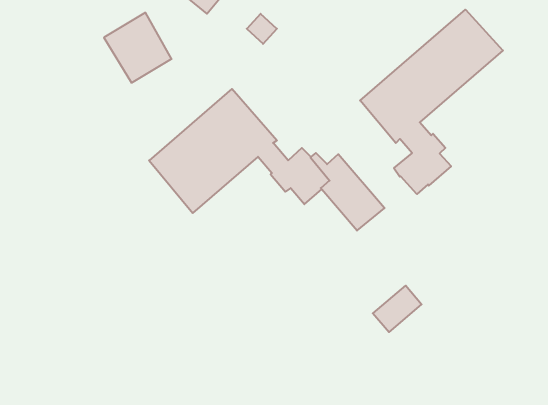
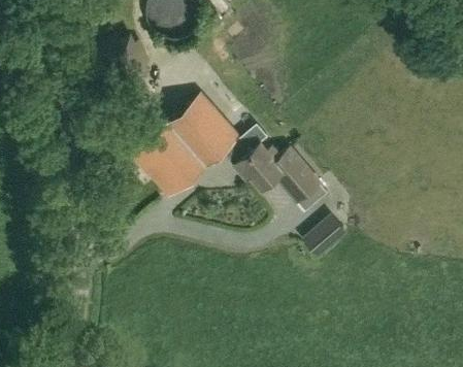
building: [360,10,503,194] -> none
building: [373,286,422,332] -> [304,216,344,255]

